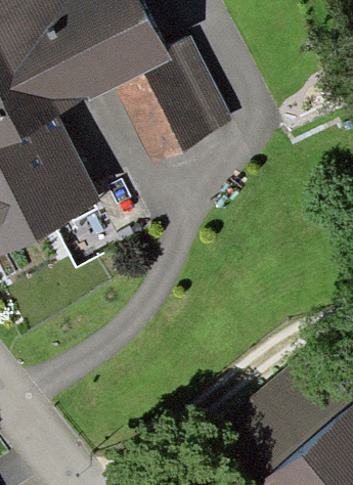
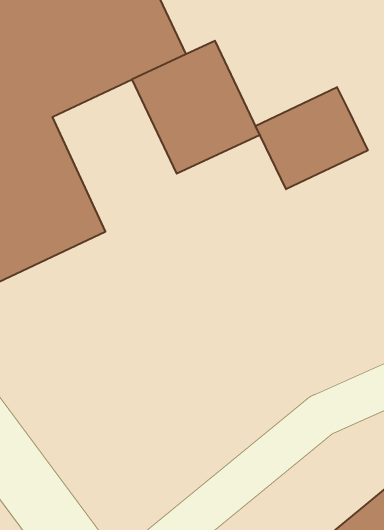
building: none -> [255,87,368,189]

